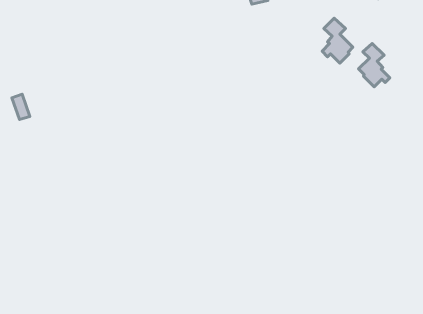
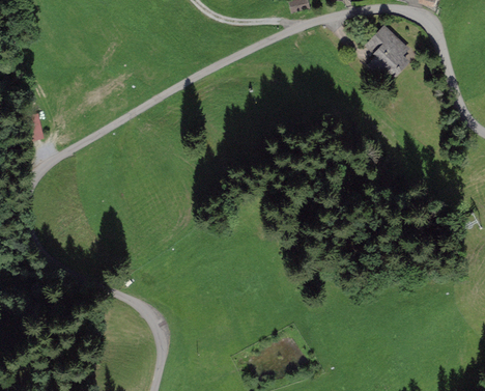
building: [359,43,390,87] -> none

